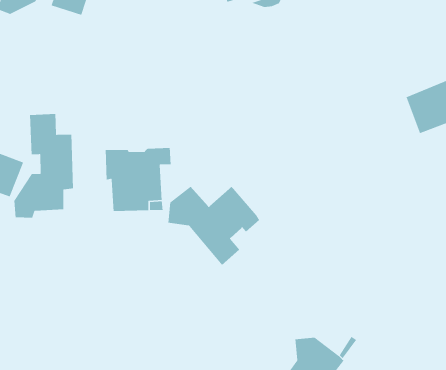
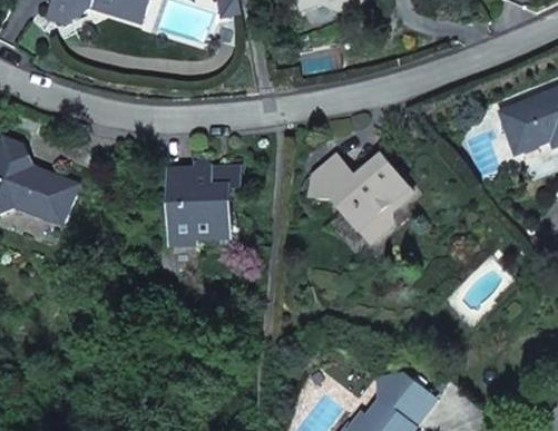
building: [14,113,74,218] -> none
building: [167,186,260,266] -> [310,155,412,243]

